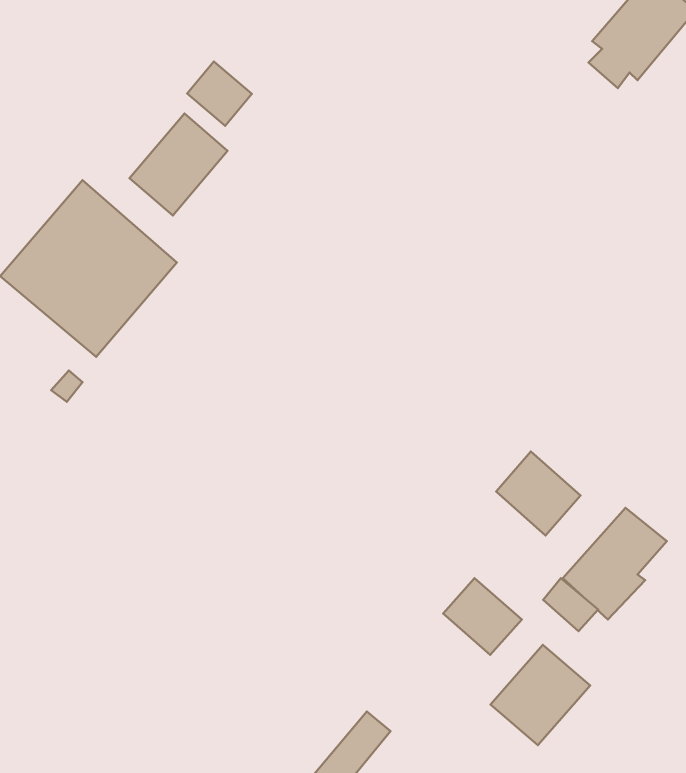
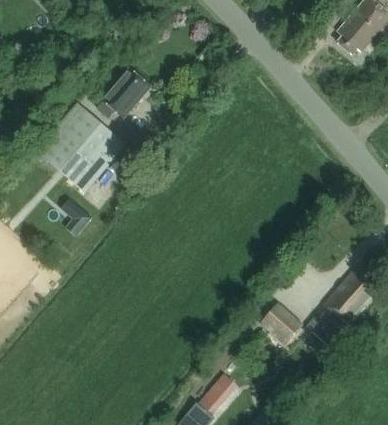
building: [187,62,252,126] -> none
building: [496,452,580,535] -> none
building: [491,645,590,745] -> none

